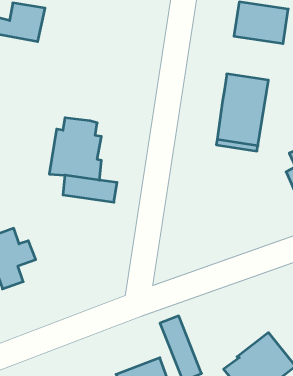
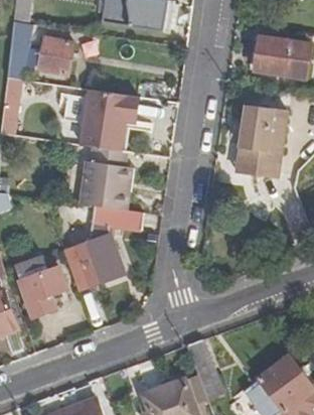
building: none -> [82,89,136,151]
building: none -> [62,234,124,291]

